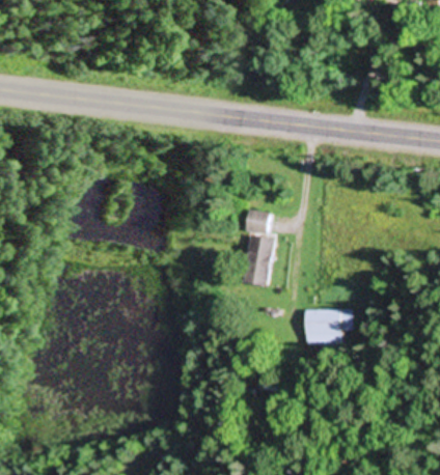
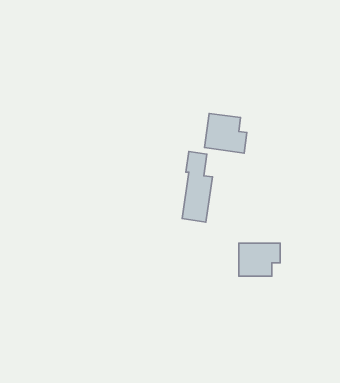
building: none -> [204,113,247,153]

